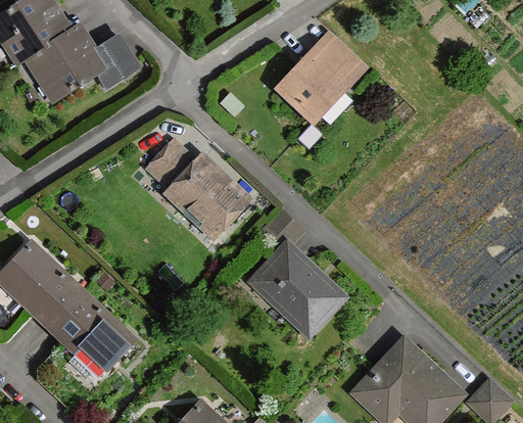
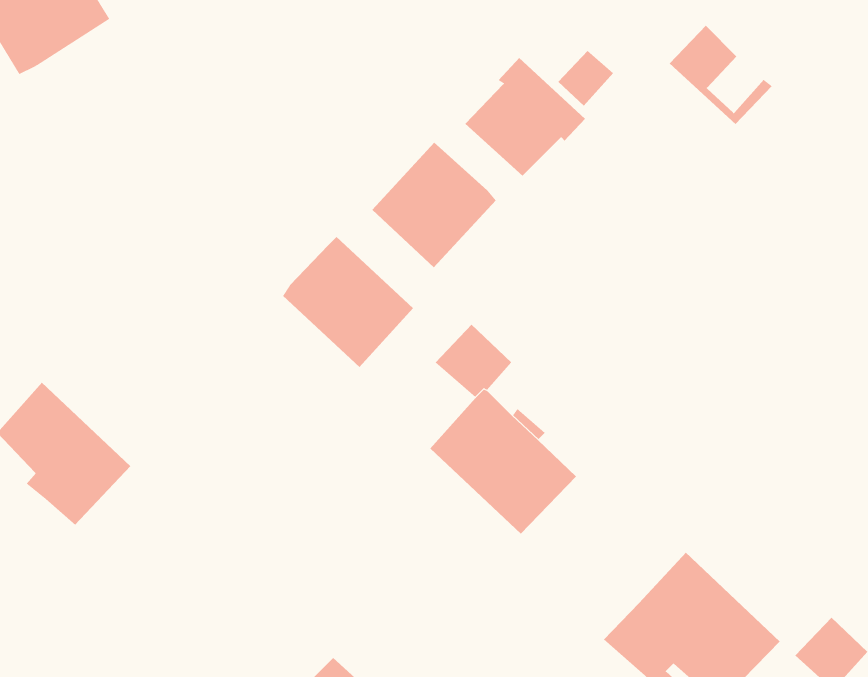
building: [26,27,136,102] -> none
building: [306,32,367,90] -> [669,25,772,125]
building: none -> [372,142,496,268]
building: [150,143,195,187] -> none
building: [48,292,132,371] -> none

